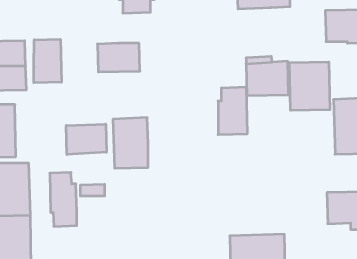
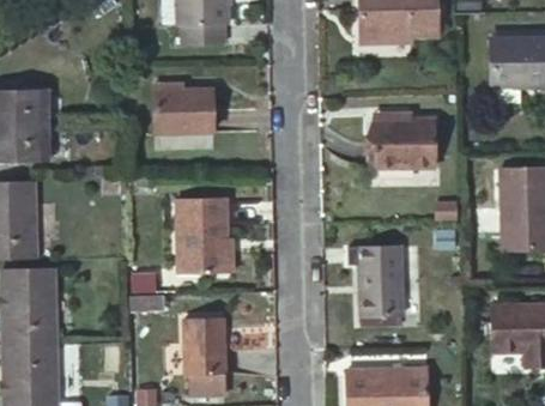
building: [34,39,61,83] -> none
building: [289,62,330,110] -> none
building: [218,87,247,135] -> [359,246,402,315]
building: [66,124,106,155] -> none
building: [50,172,77,226] -> [184,319,224,398]

